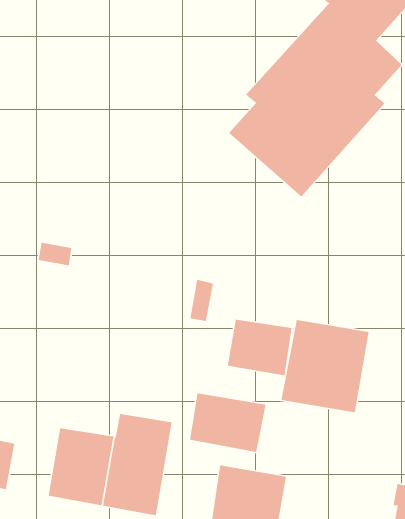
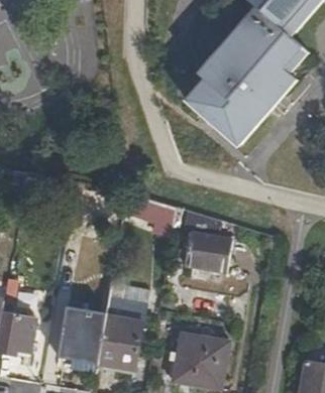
building: [281,319,370,413] -> none
building: [189,392,267,453] -> none

